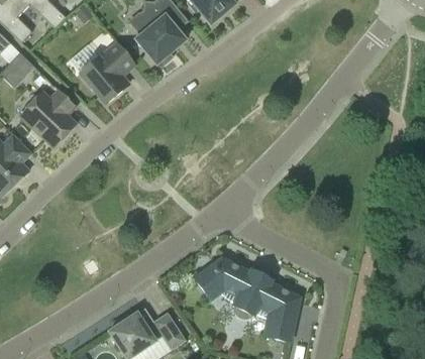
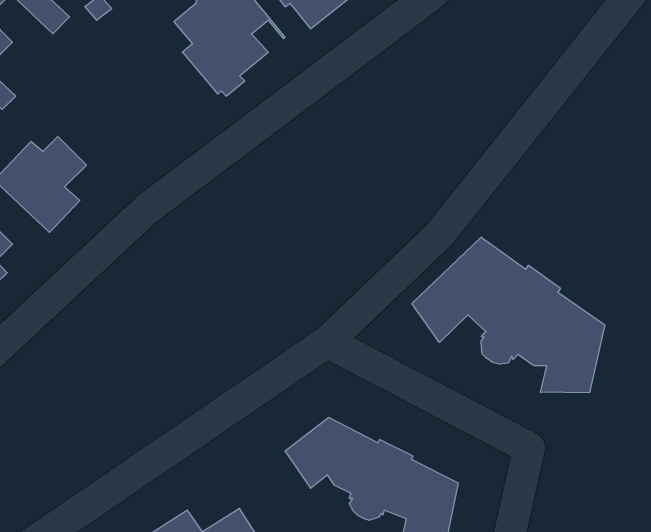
building: [79,40,135,103] -> none
building: none -> [412,237,605,393]

